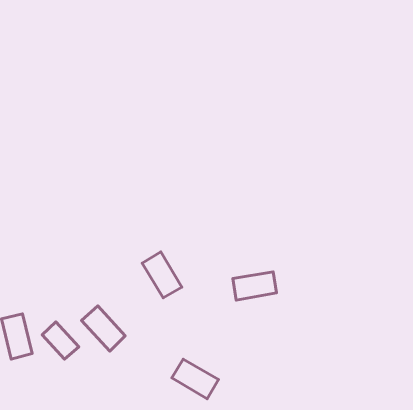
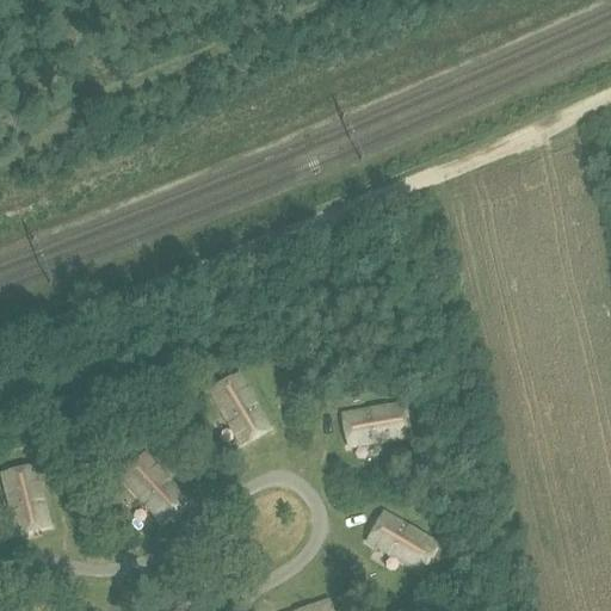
building: [42,322,79,359] -> none
building: [172,359,219,399] -> [368,511,437,569]

